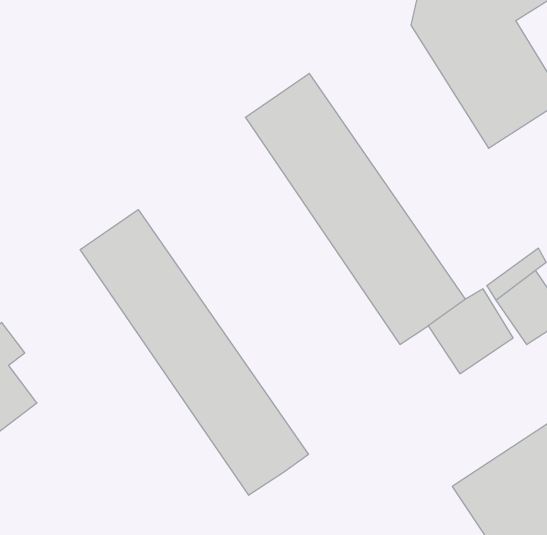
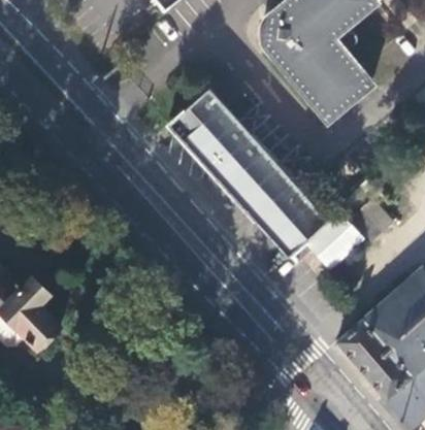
building: [80,210,308,495] -> none

